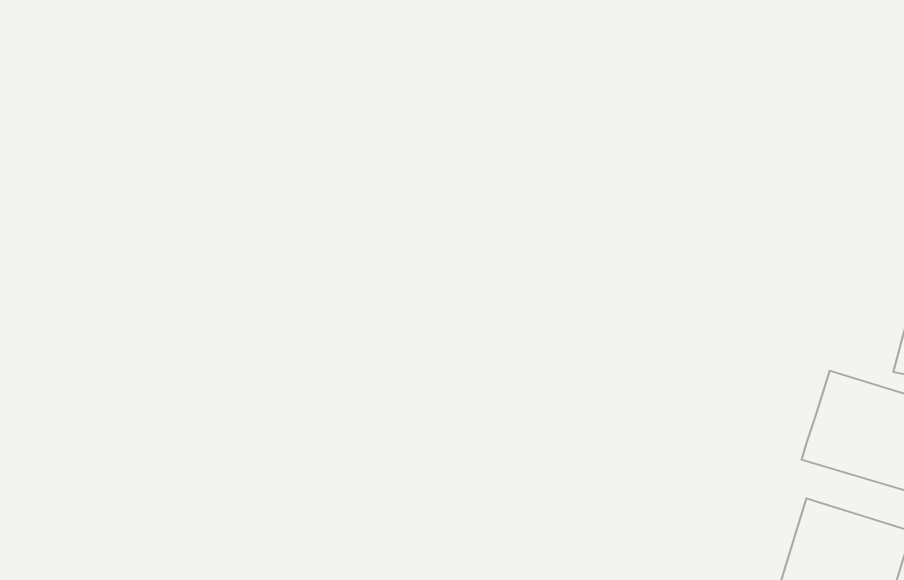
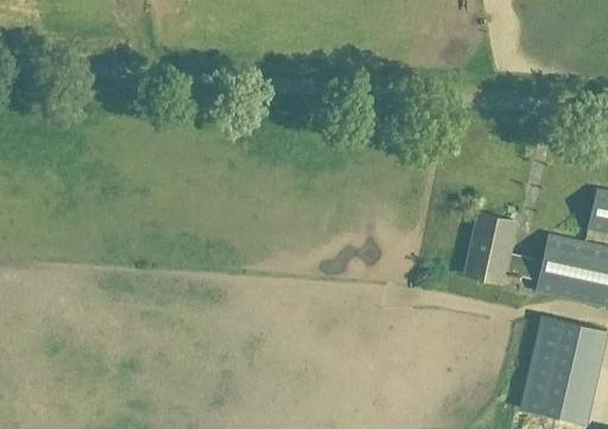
building: none -> [466,213,544,284]

